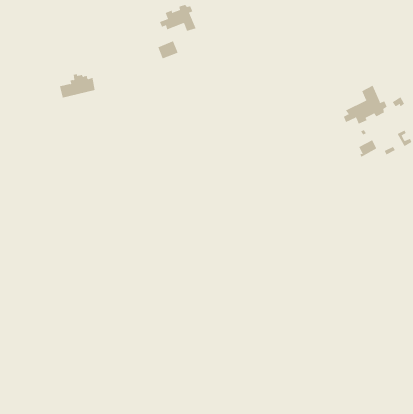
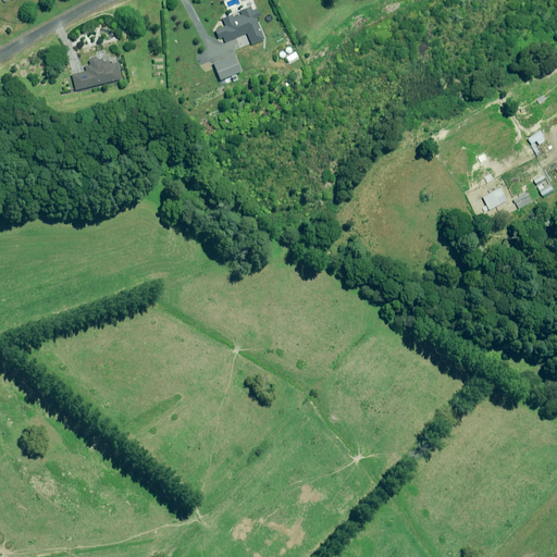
building: [59,74,96,98] -> [72,57,121,89]
building: [343,85,387,125] -> none

